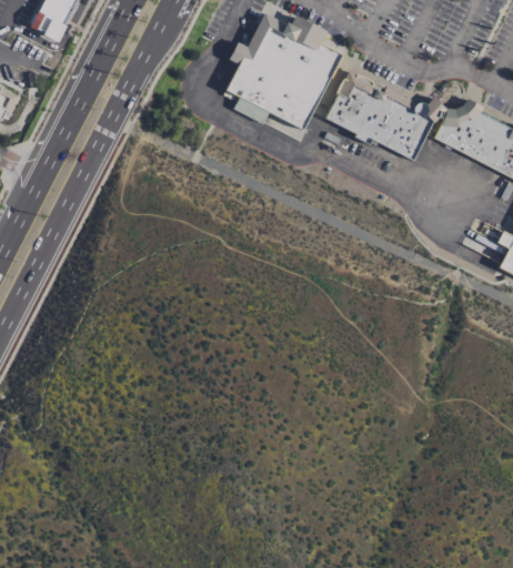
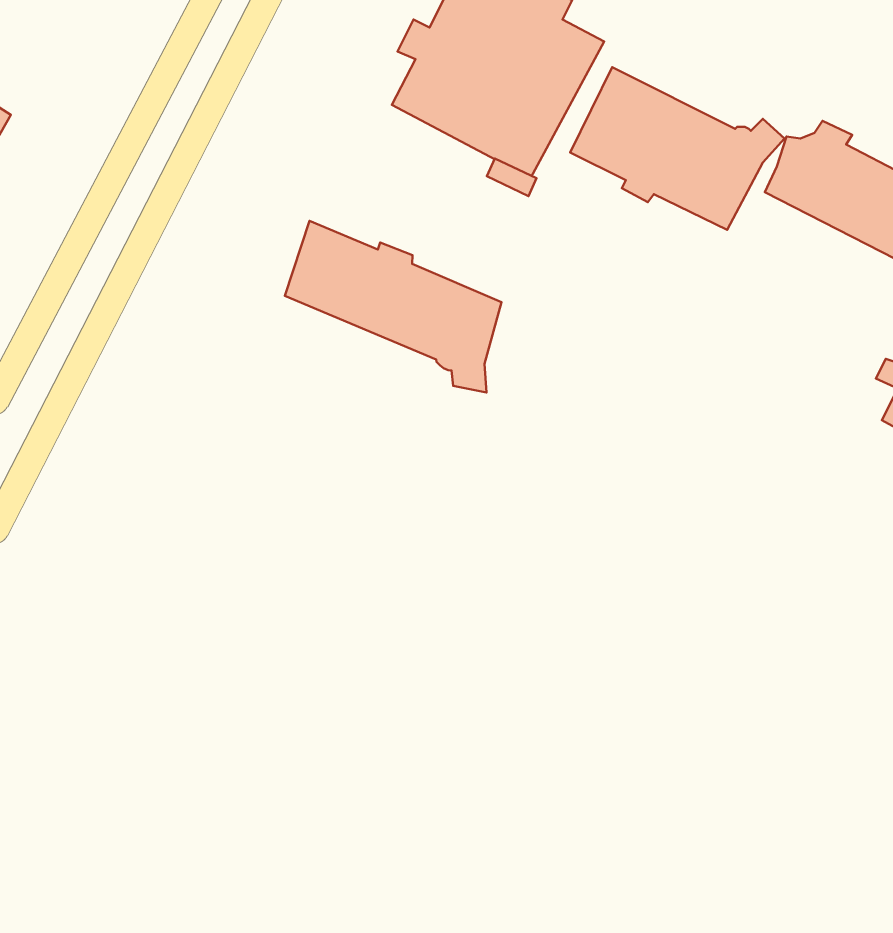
building: none -> [285,221,502,393]

